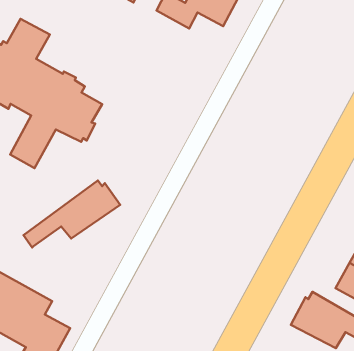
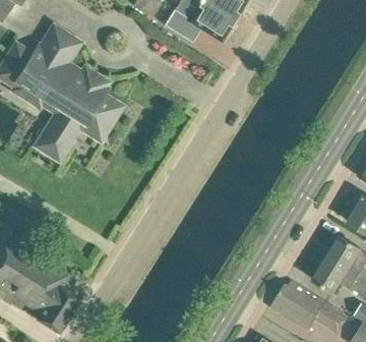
building: [24,180,120,248] -> none

